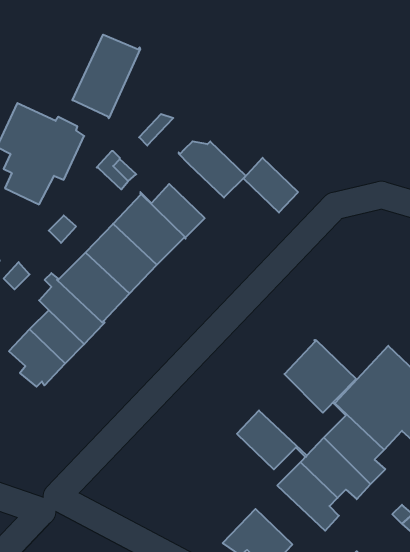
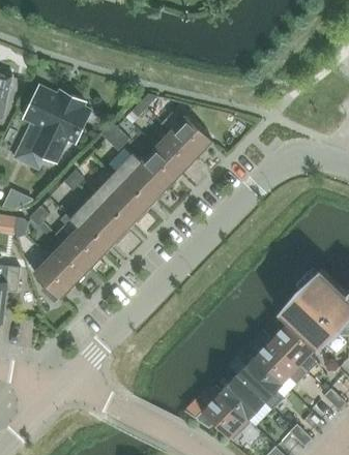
building: [72,35,140,118] -> none
building: [243,158,298,213] -> [153,131,195,173]
building: [284,340,357,413] -> none
building: [237,410,307,469] -> [219,374,271,419]

